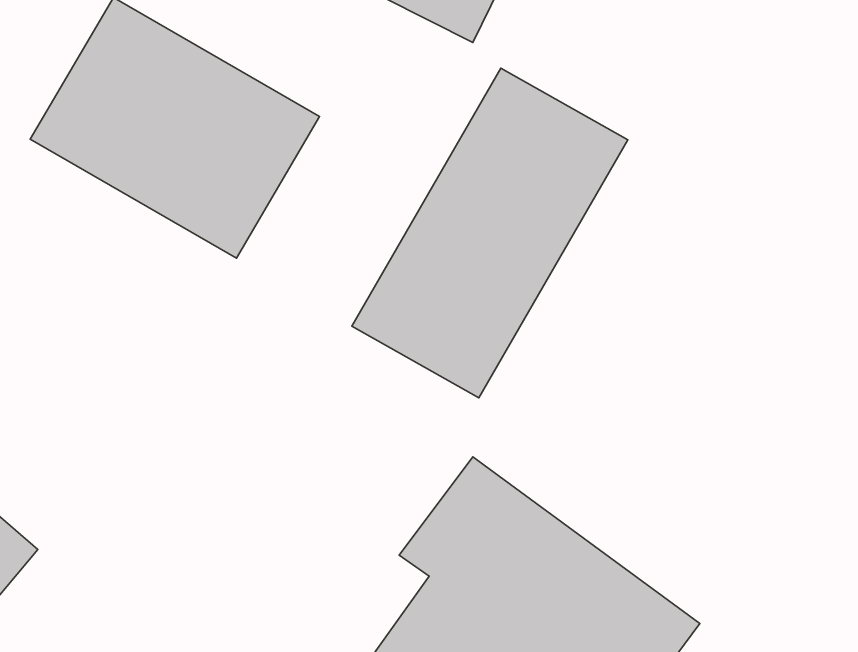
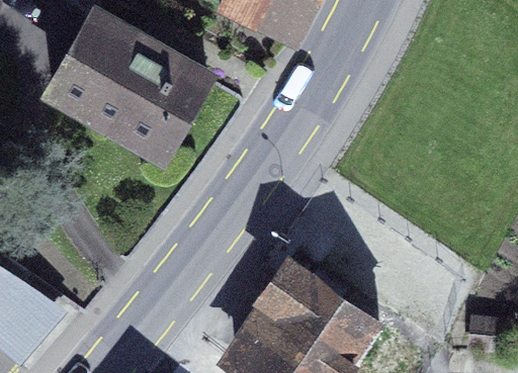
building: [352,68,628,398] -> none

